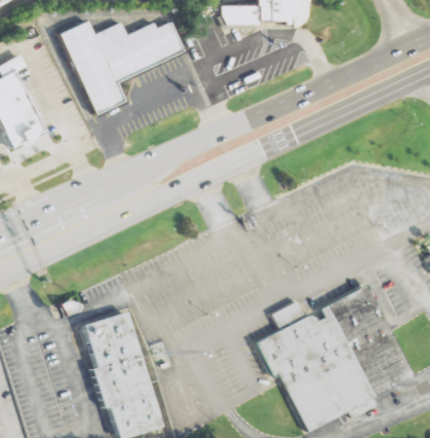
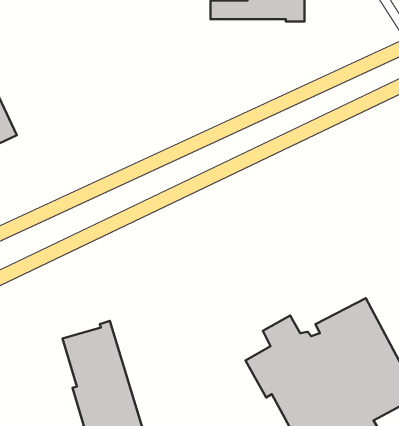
building: [57,21,183,115] -> none

